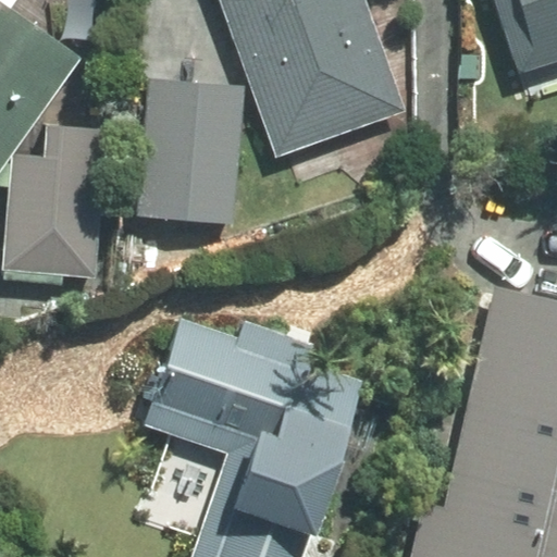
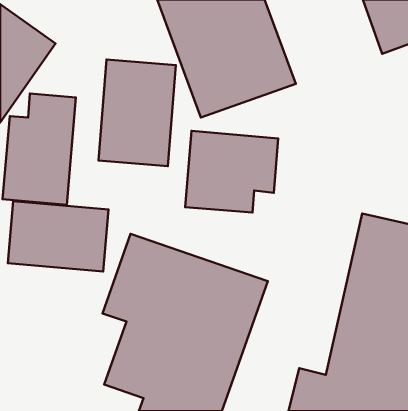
building: none -> [185,131,278,212]
building: none -> [8,201,108,271]

